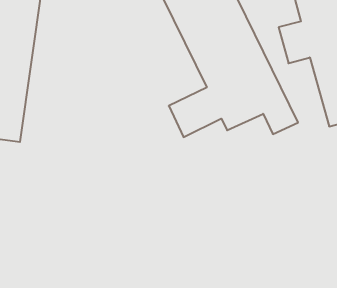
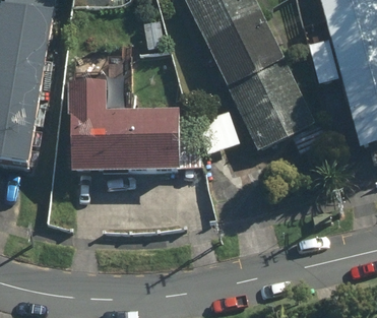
building: none -> [70,77,183,170]

